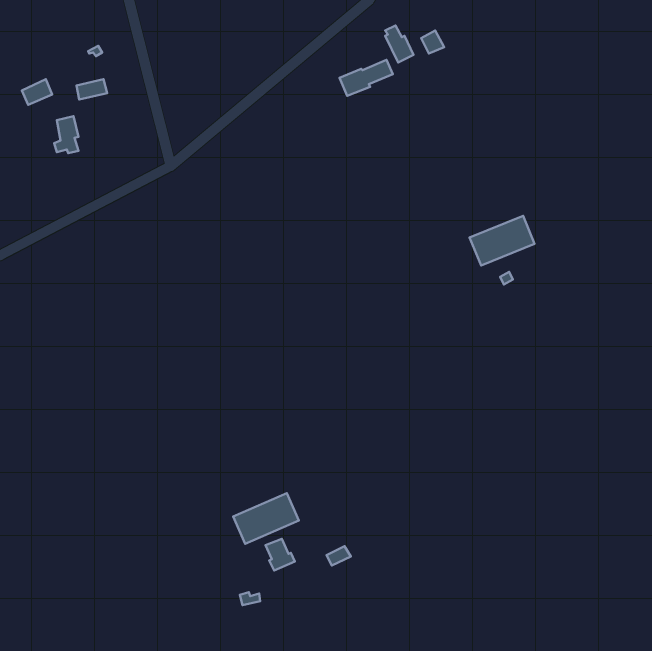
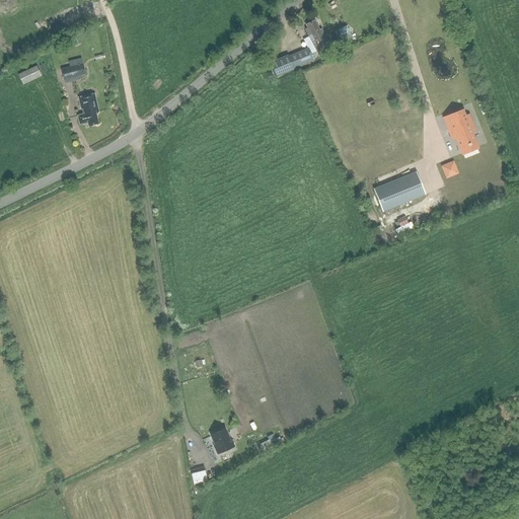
building: [54,116,78,153] -> [78,94,97,124]
building: none -> [446,110,474,147]
building: [233,493,299,544] -> none

